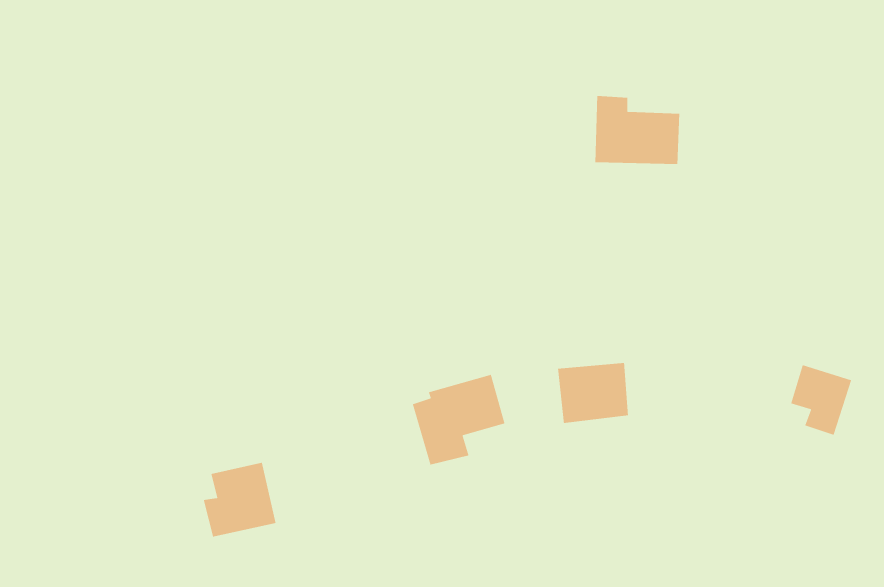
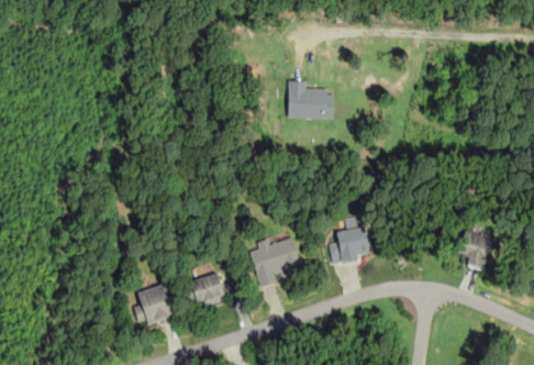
building: [594,95,680,165] -> [287,80,334,119]
building: none -> [183,273,225,308]

